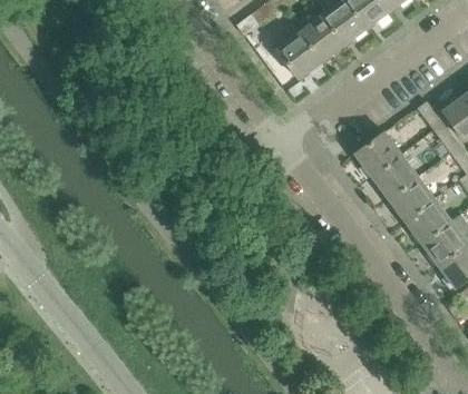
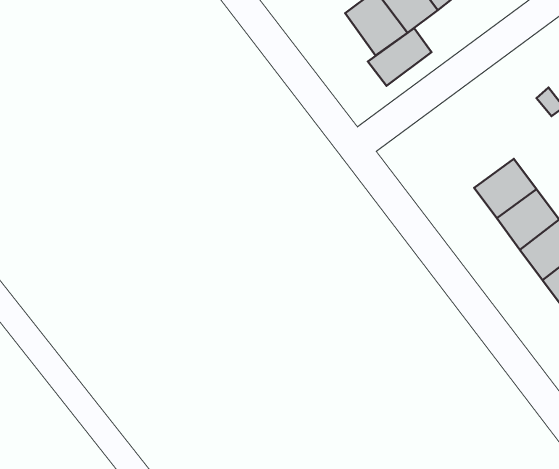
building: none -> [368,28,431,86]
building: [354,131,400,176] -> none

